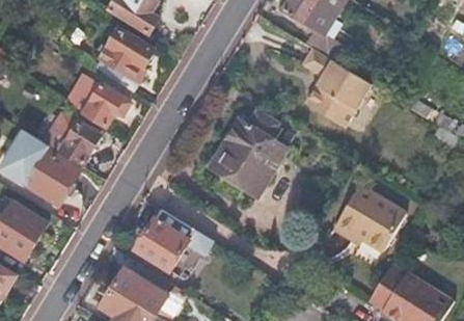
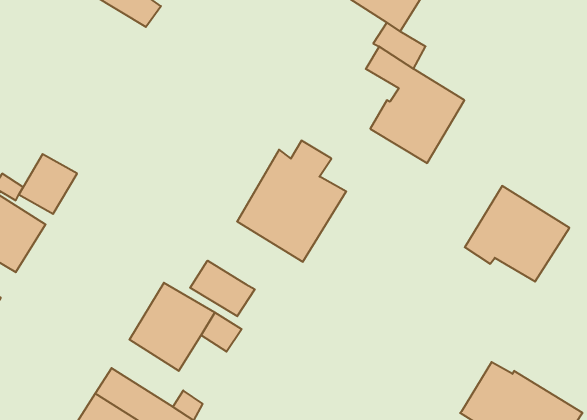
building: [99,28,153,90] -> none
building: [65,79,122,127] -> none
building: [333,187,406,253] -> [465,186,569,282]
building: none -> [190,261,255,316]

